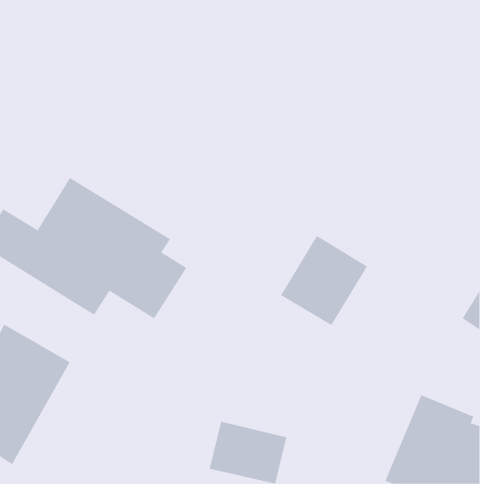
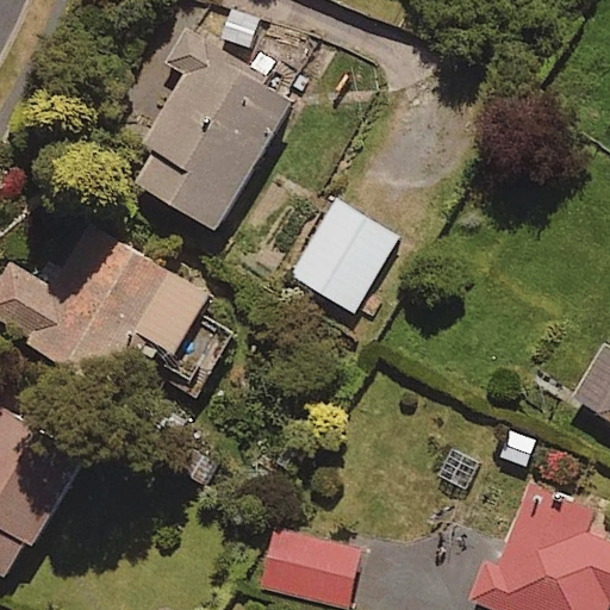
building: none -> [123,39,307,230]
building: [280,235,368,326] -> [286,197,396,310]

